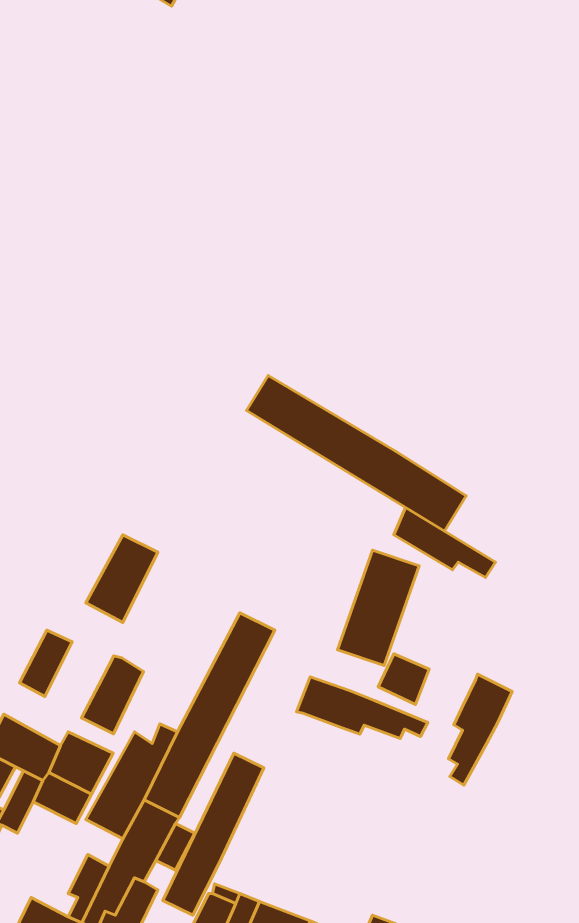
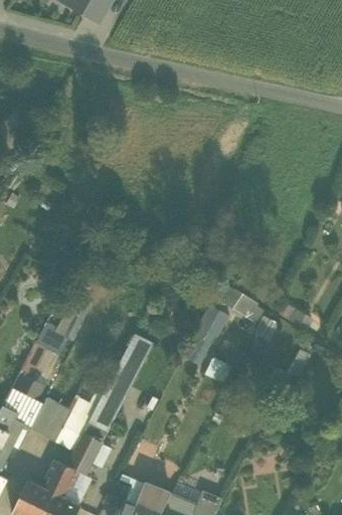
building: [246,375,466,531] -> none
building: [81,656,143,734] -> none
building: [448,674,512,785] -> none
building: [296,677,428,738] -> none
building: [163,753,264,915] -> none

